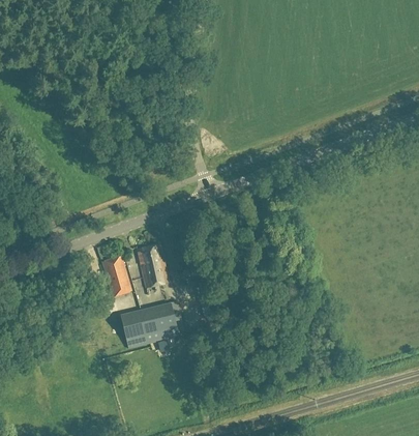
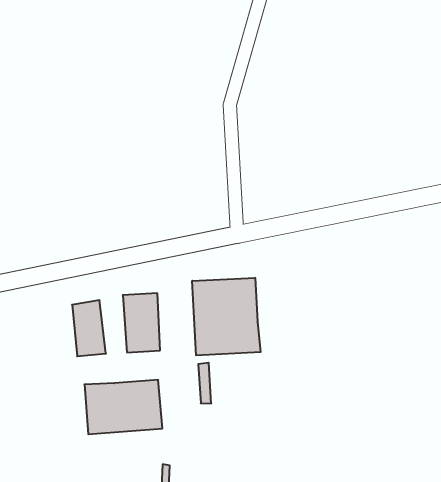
building: none -> [192,278,261,355]

